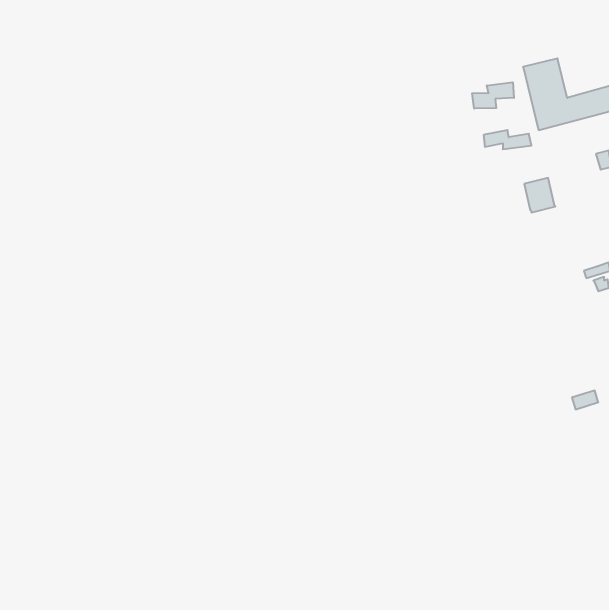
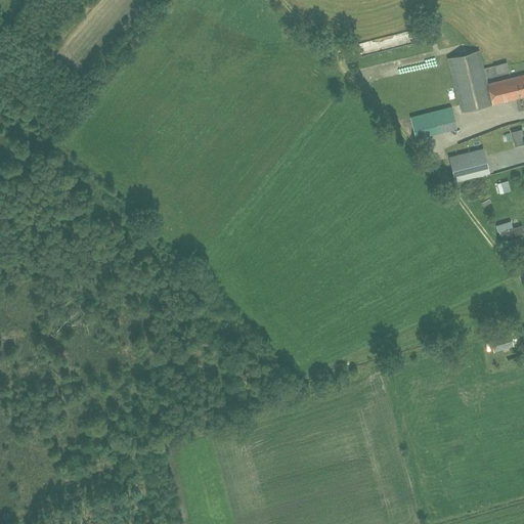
building: [472,82,514,109] -> none

